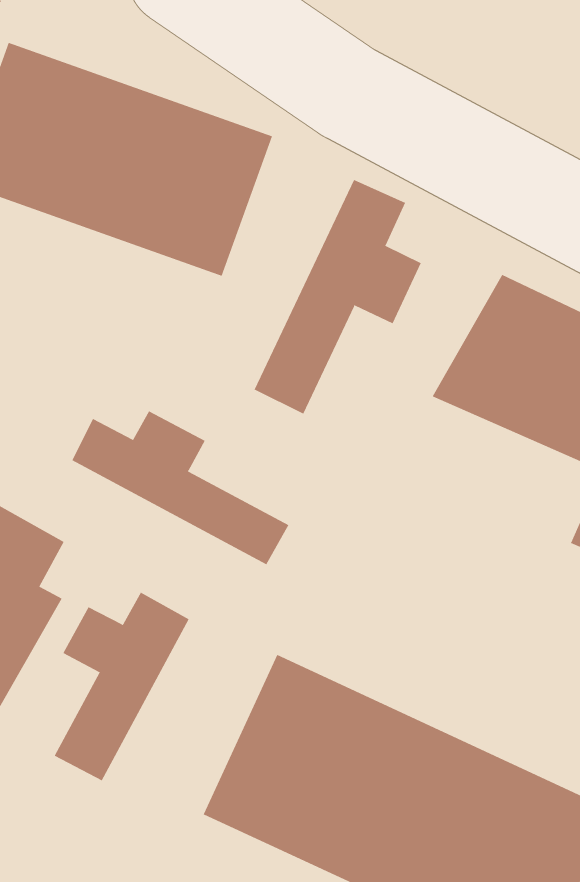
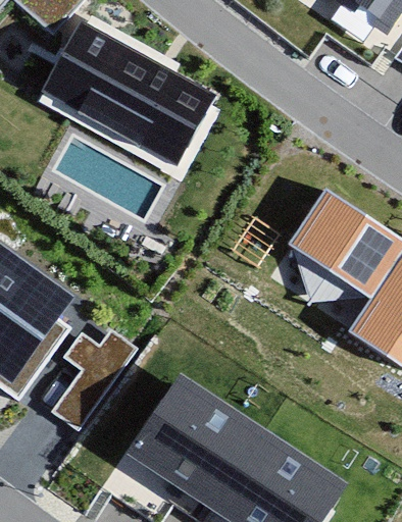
building: [254,179,421,415] -> none
building: [72,410,289,565] -> none

